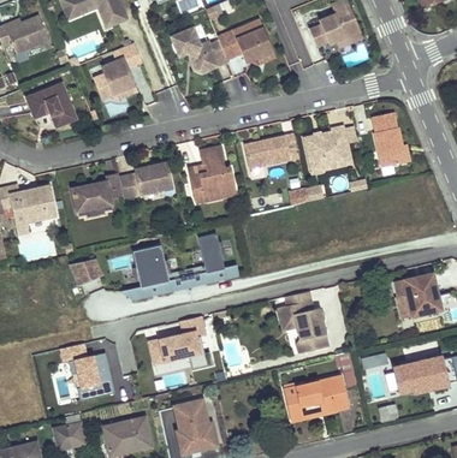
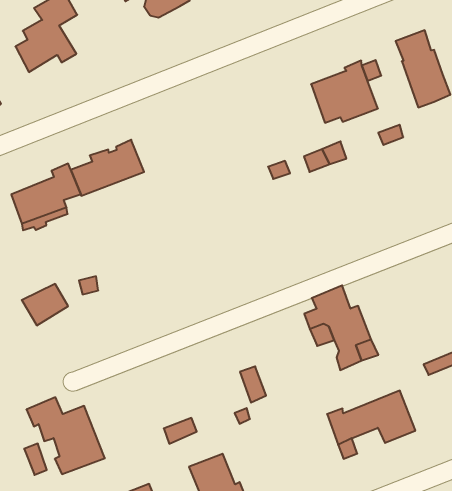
building: [247,135,302,167] -> none
building: [189,144,238,201] -> none
building: [197,233,224,274] -> none
building: [132,245,167,289] -> none
building: [149,316,212,369] -> none

